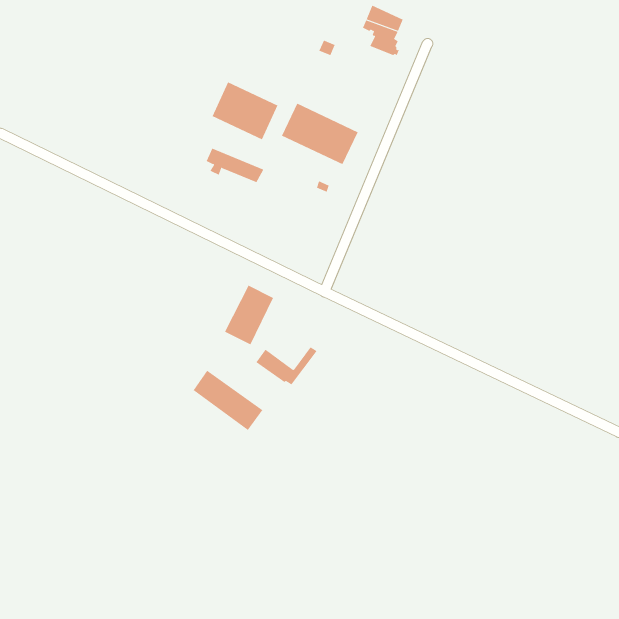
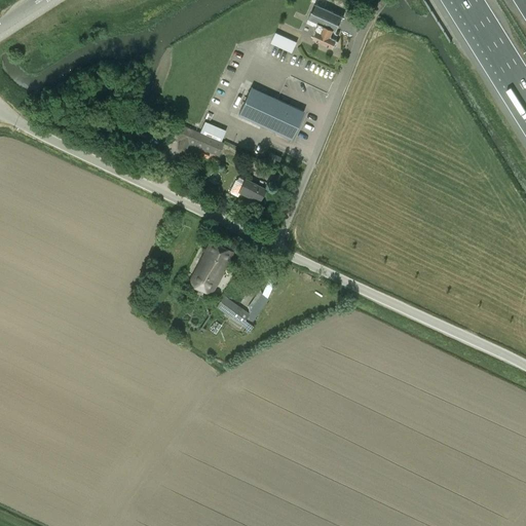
building: [212,81,278,140] -> none
building: none -> [230,178,264,202]
building: [193,370,263,431] -> none

